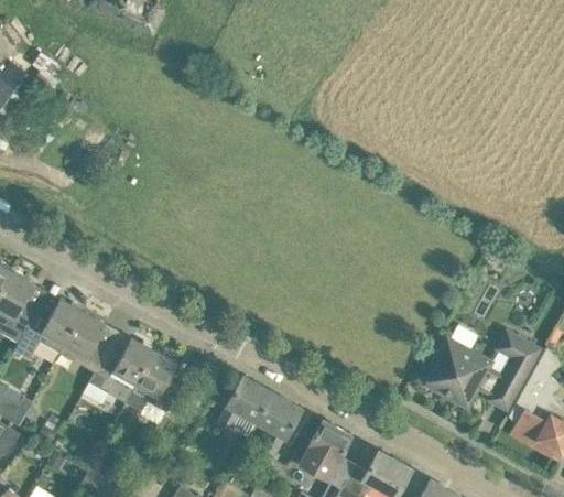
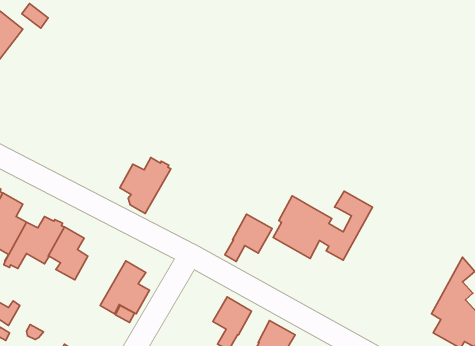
building: [423,331,539,411] -> [273,191,372,260]
building: [94,337,153,402] -> [120,158,171,213]
building: [216,376,271,431] -> [225,214,272,262]

